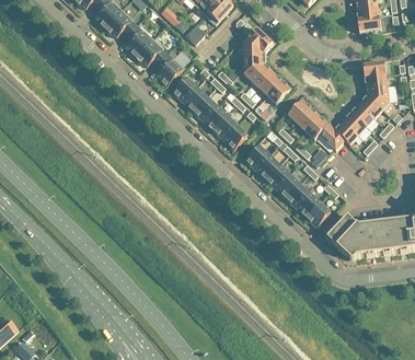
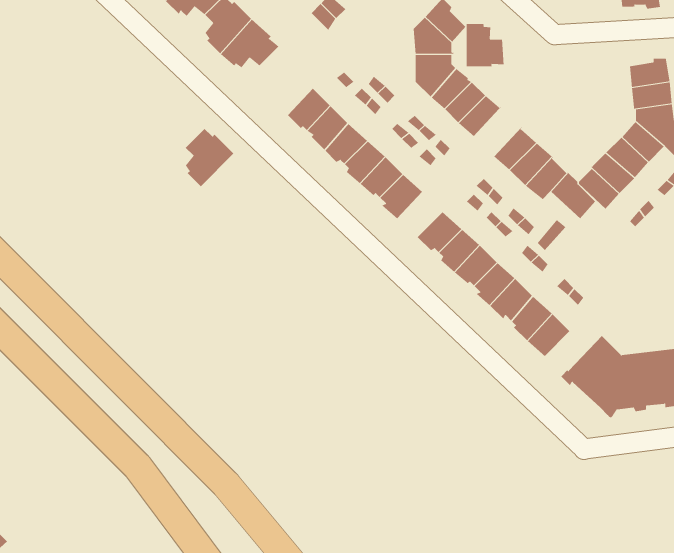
building: none -> [466,23,504,67]
building: [157,54,184,86] -> [185,128,234,187]

